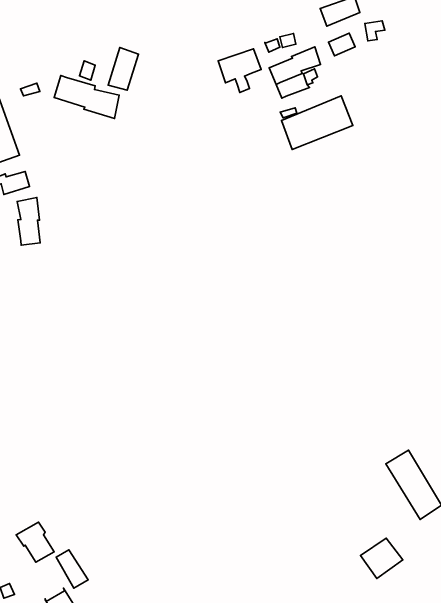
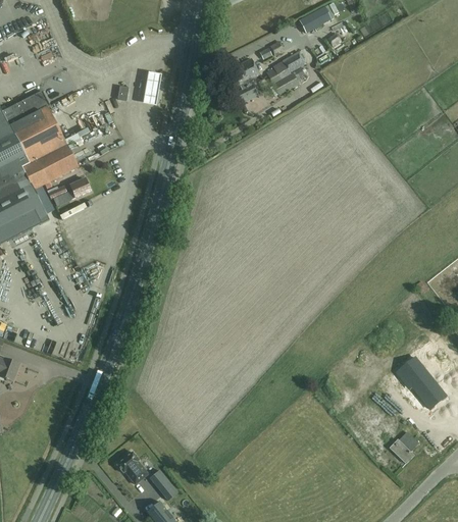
building: [54,76,119,119] -> none
building: [282,96,353,149] -> none
building: [17,198,40,245] -> none

